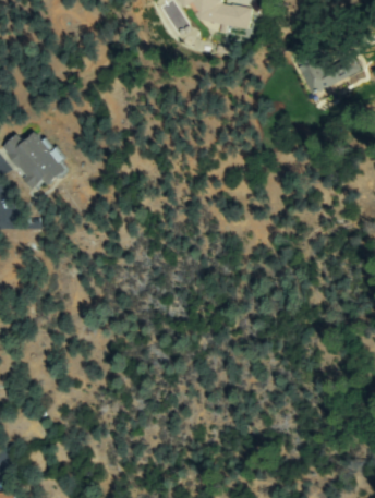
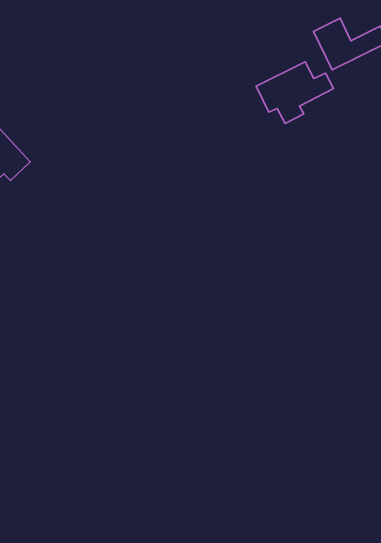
building: none -> [256,62,334,123]

